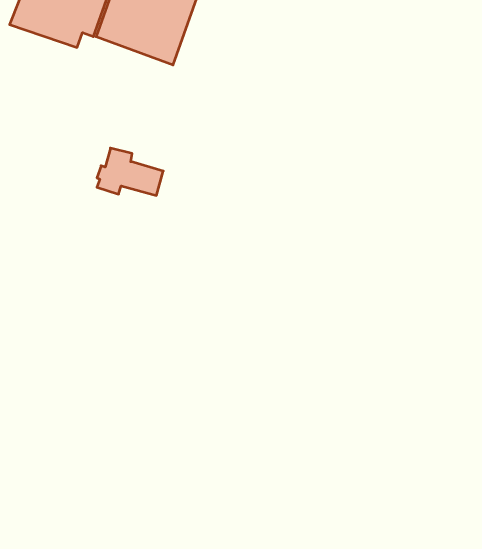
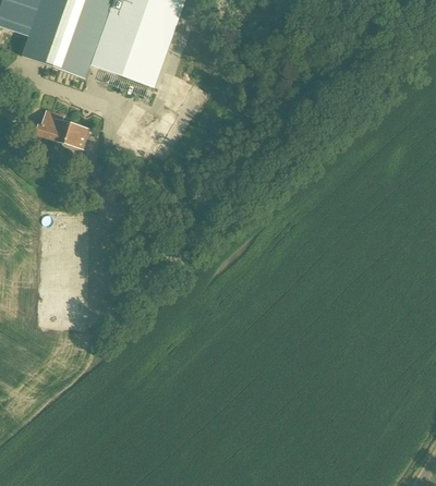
building: [97,148,163,195] -> [32,105,85,143]

